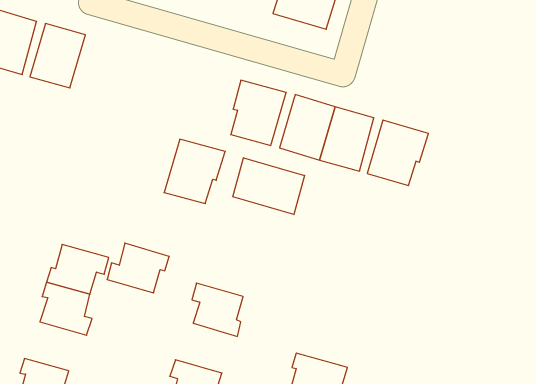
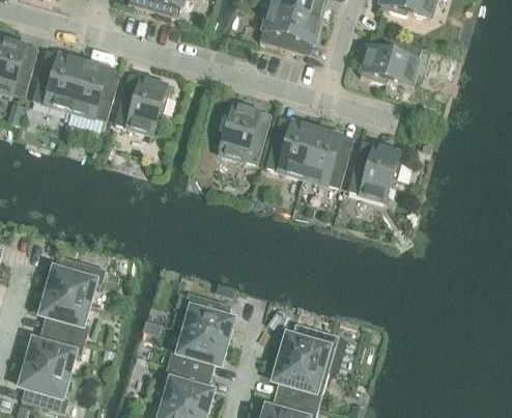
building: none -> [360,32,422,85]
building: none -> [69,60,120,121]
building: [164,139,225,204] -> [114,74,171,134]
building: [233,158,305,215] -> none
building: [107,243,169,293] -> [168,330,226,377]
building: none -> [281,323,339,371]
building: none -> [27,329,85,374]

